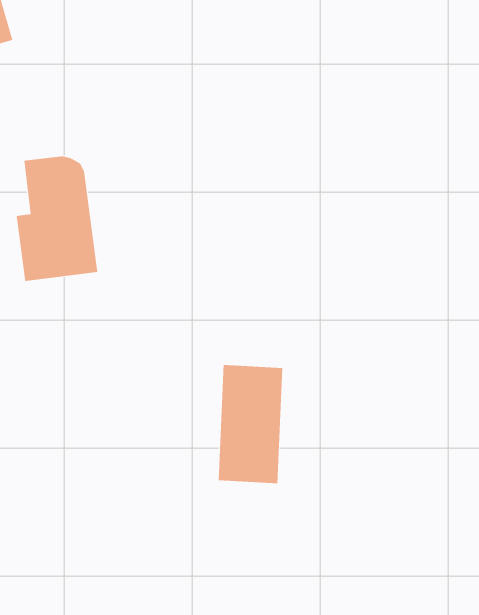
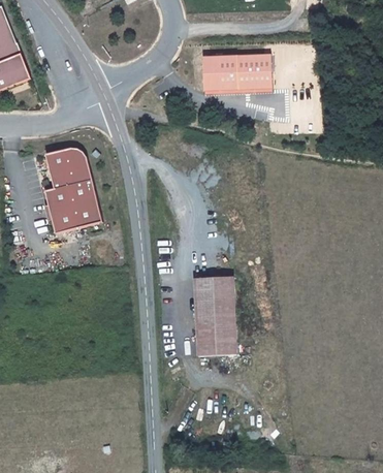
building: none -> [202,53,272,89]

